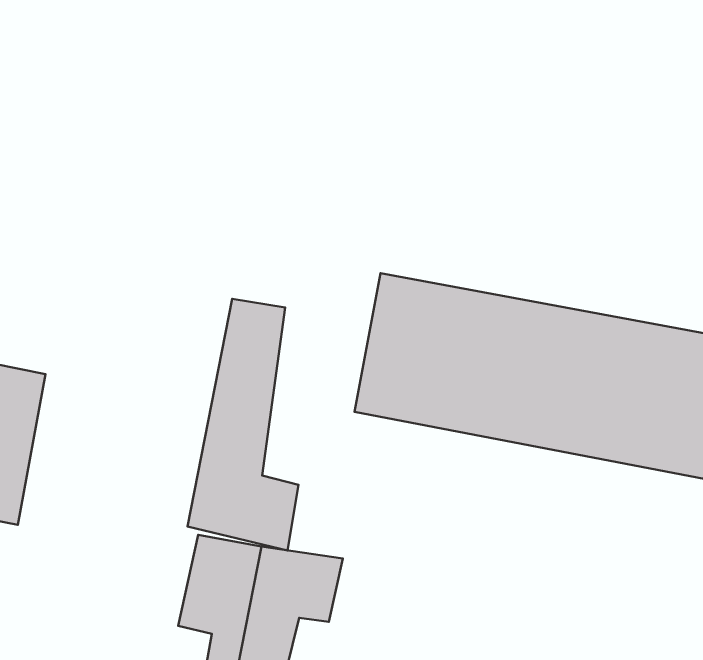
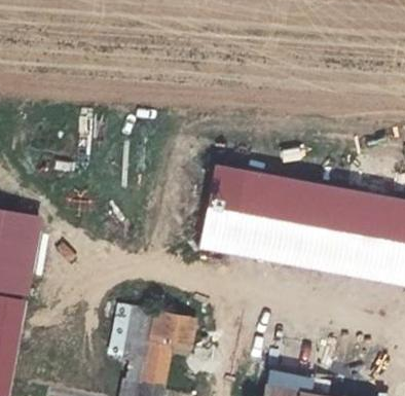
building: [188,299,299,550] -> none

